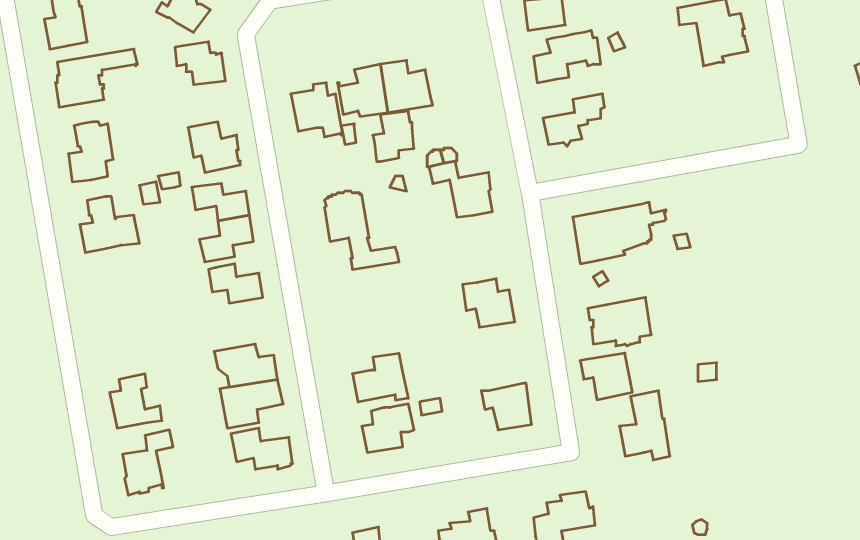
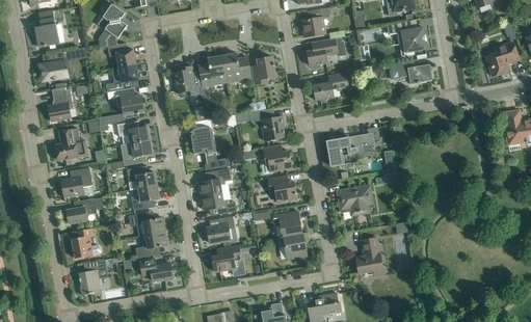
building: none -> [389,59,432,83]
building: none -> [106,64,139,92]
building: [373,111,414,161] -> [253,56,275,84]
building: none -> [263,144,292,171]
building: none -> [61,167,92,200]
building: none -> [200,167,237,214]
building: none -> [131,185,160,210]
building: none -> [67,196,104,223]
building: [580,353,632,400] -> [273,211,302,237]

